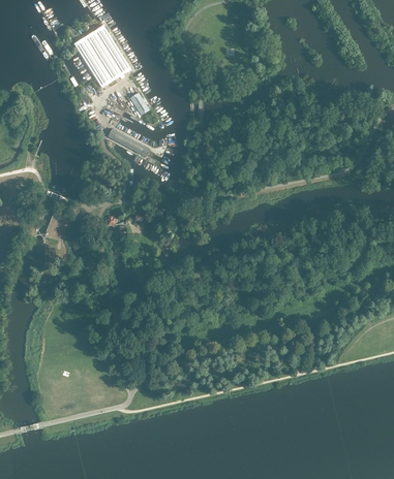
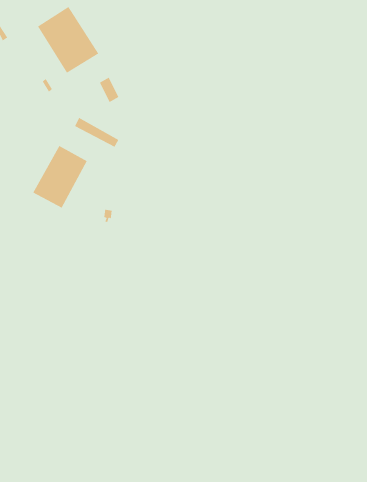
building: none -> [32,145,87,208]

